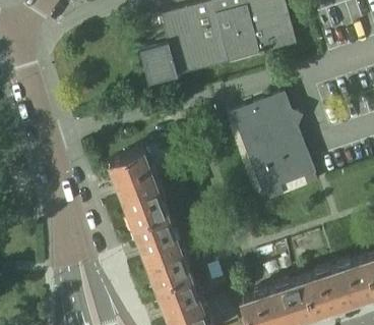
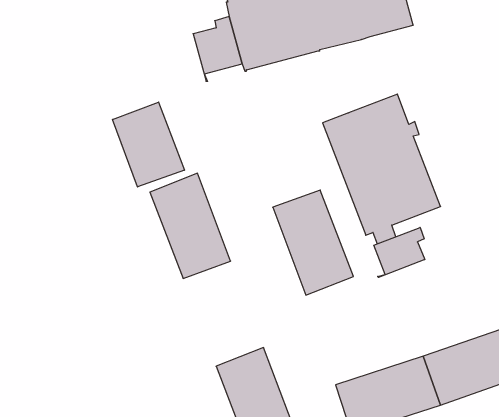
building: none -> [113,102,184,187]
building: none -> [374,227,425,277]
building: [132,211,189,285] -> [273,190,353,295]

